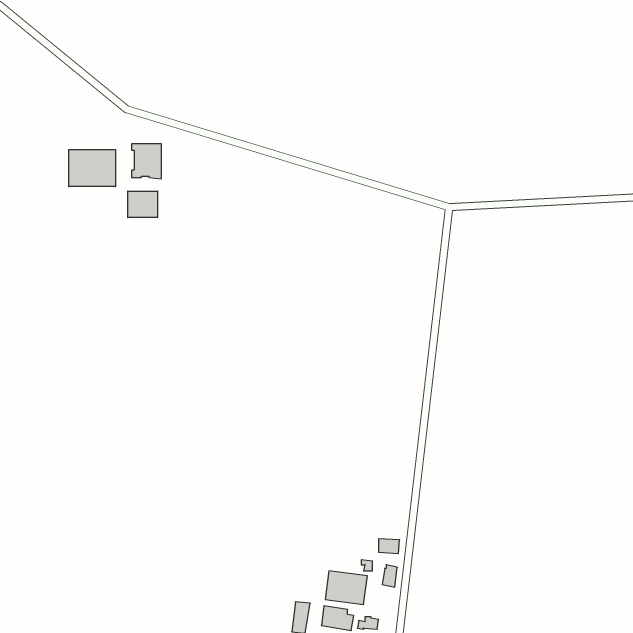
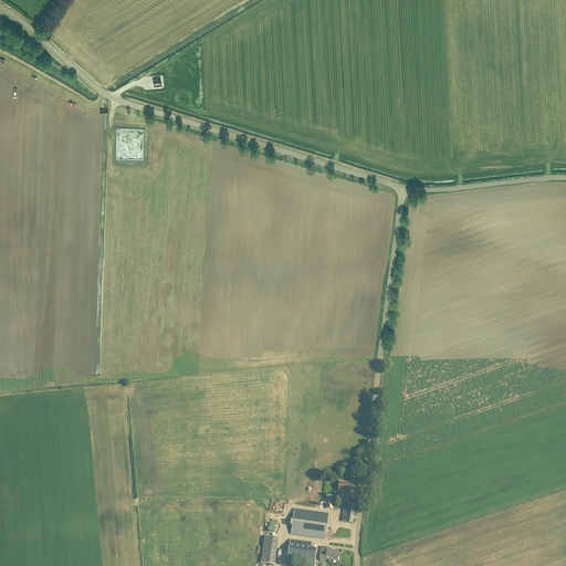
building: [69,150,116,187] -> none
building: [128,191,158,218] -> none

